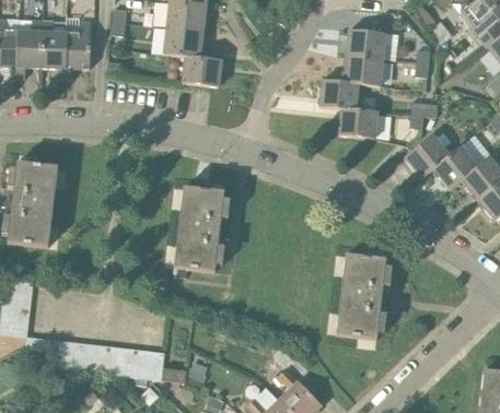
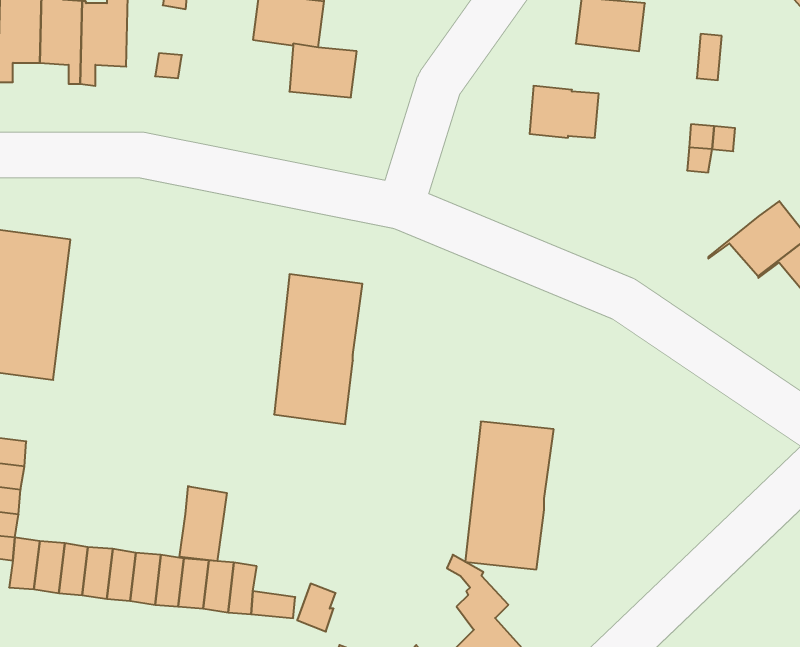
building: [345,55,383,85] -> none
building: [339,107,379,138] -> none
building: [406,133,451,176] -> none
building: [337,253,387,338] -> [465,422,554,569]
building: none -> [180,486,227,561]

